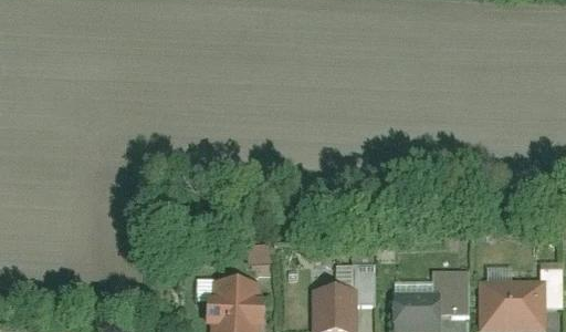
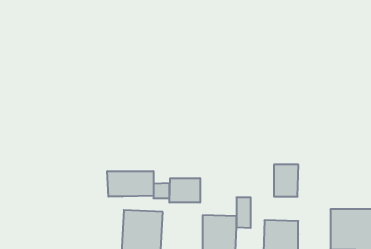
building: none -> [107,171,153,197]
building: none -> [169,178,200,203]
building: [438,270,470,312] -> [274,165,298,197]

